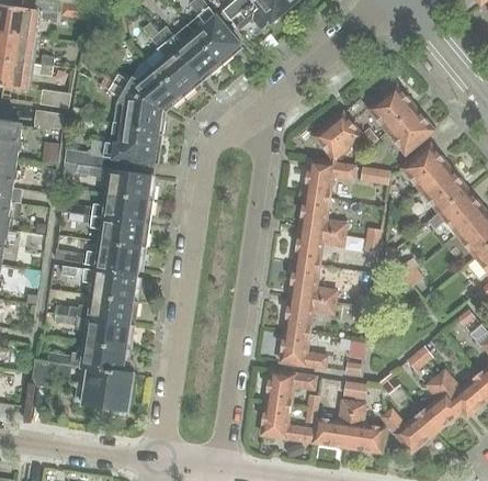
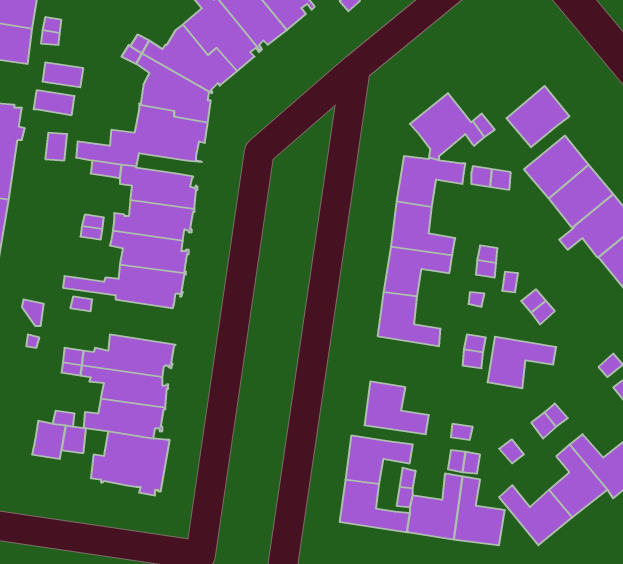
building: [368,85,416,131] -> none
building: [82,267,141,301] -> none
building: [285,294,337,333] -> [487,337,556,388]

